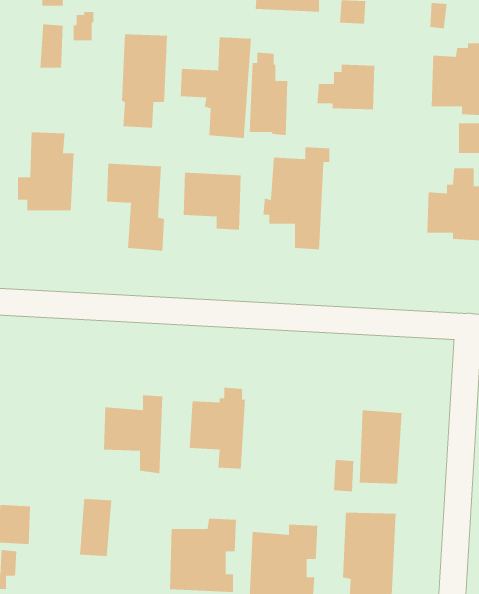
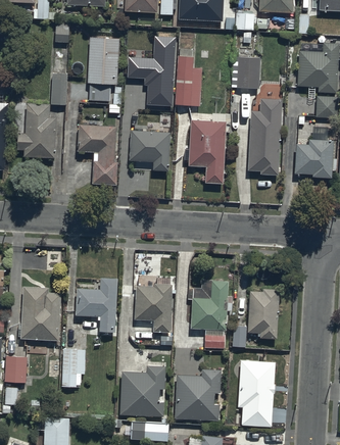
building: [39,24,63,69] -> [51,72,67,103]
building: none -> [248,99,282,174]
building: none -> [191,280,228,348]
building: none -> [21,286,60,339]

